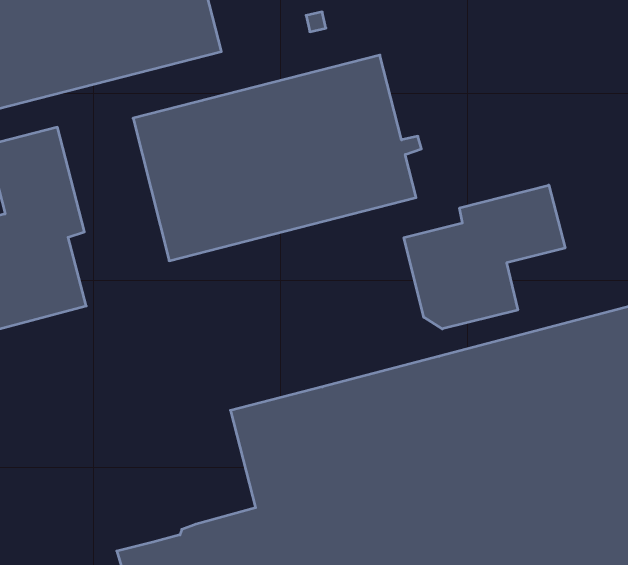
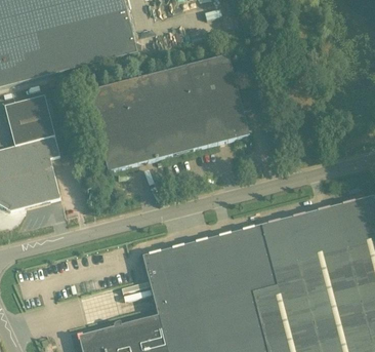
building: [404,185,565,329] -> none

